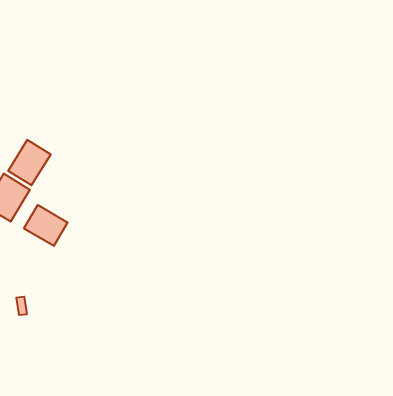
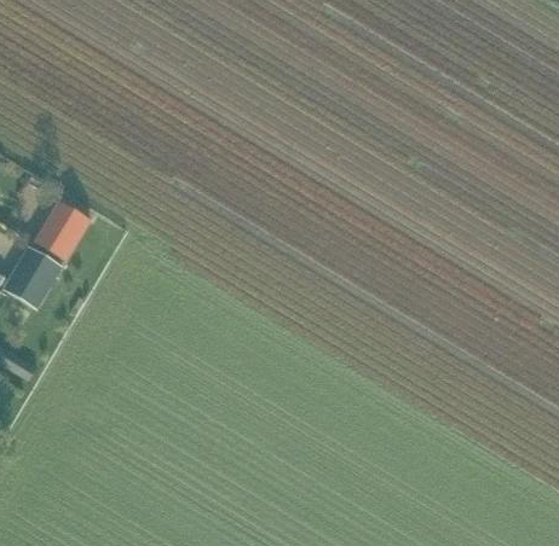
building: [24,205,68,246] -> none

